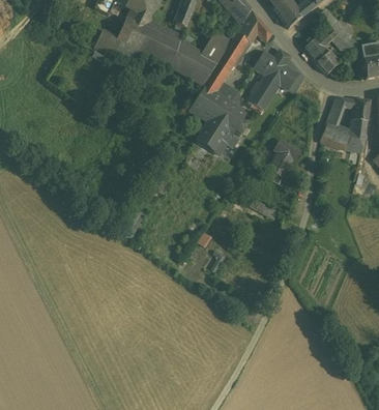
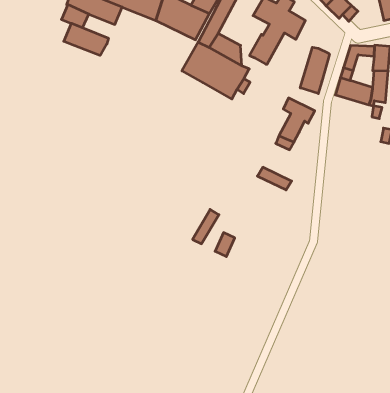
building: none -> [64,23,108,55]
building: none -> [300,47,329,94]
building: [197,121,231,154] -> none

